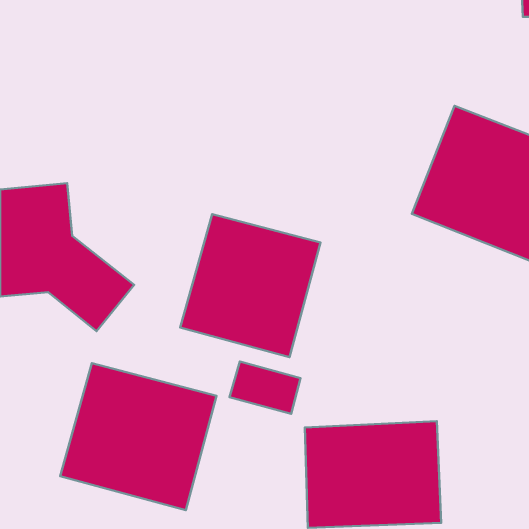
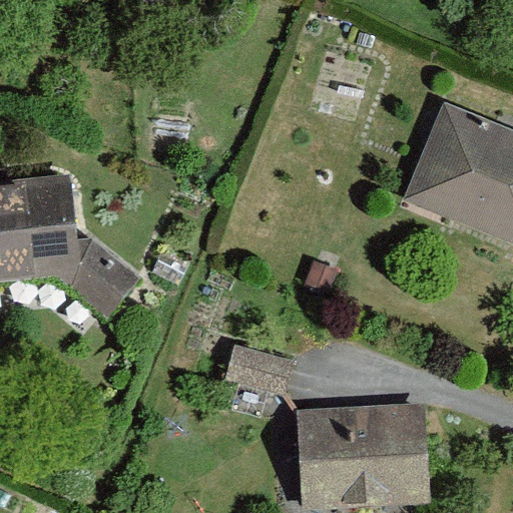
building: [180,214,320,357] -> none
building: [60,363,217,510] -> none

